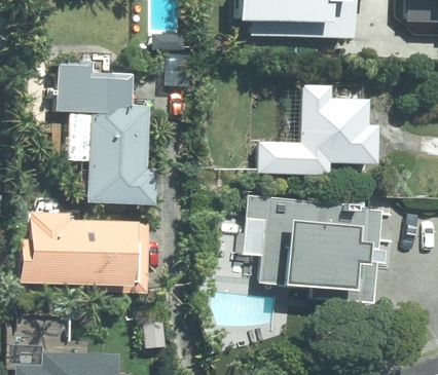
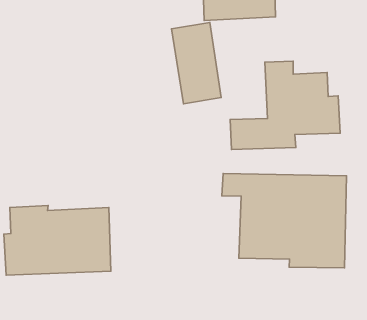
building: none -> [171,22,221,104]
building: [58,59,150,204] -> none

